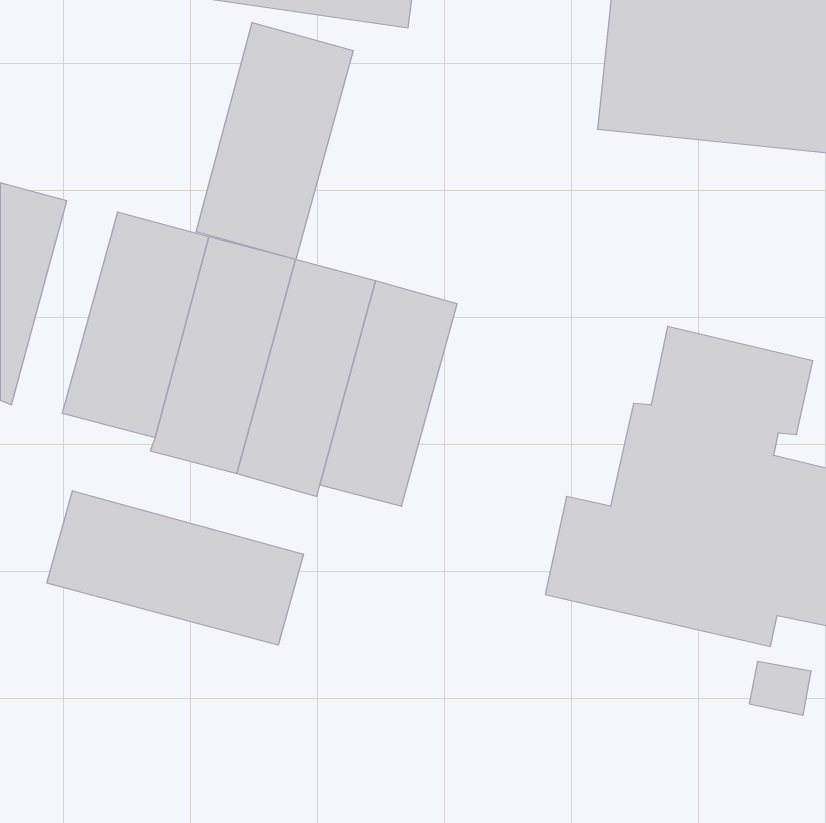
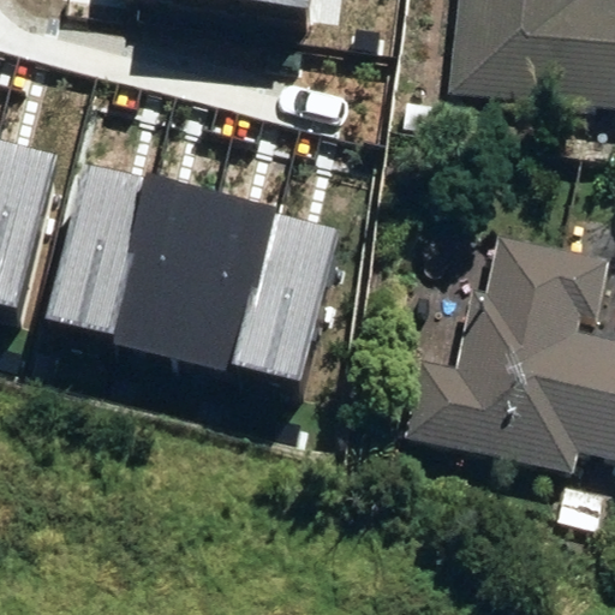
building: [196,22,353,259] -> none
building: [47,491,303,645] -> none

